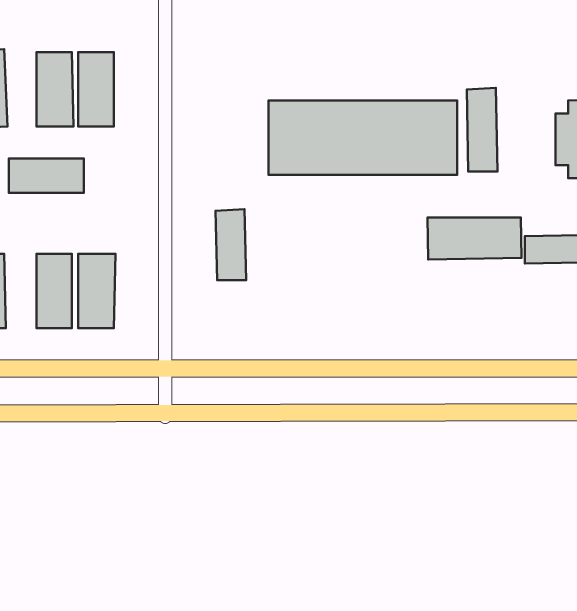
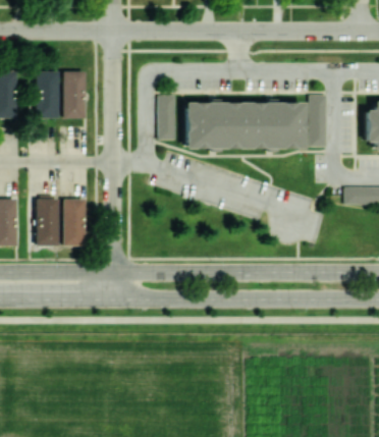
building: [9,158,84,193] -> none
building: [216,209,246,280] -> [158,95,177,140]
building: [427,217,522,260] -> none

